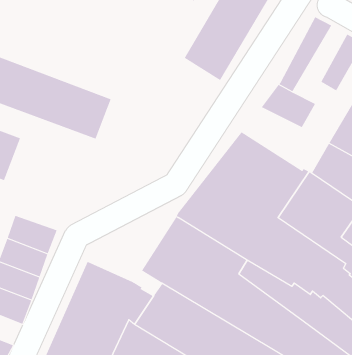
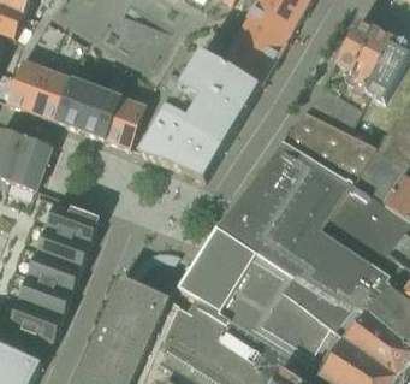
building: none -> [335,28,392,110]
building: none -> [130,49,260,179]
building: none -> [281,113,373,182]
building: none -> [44,200,99,242]

